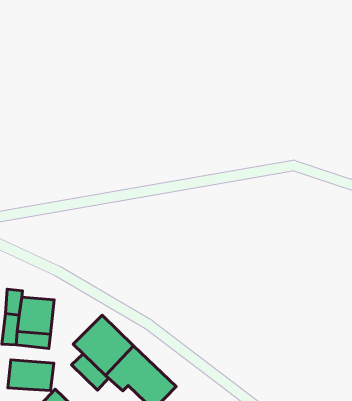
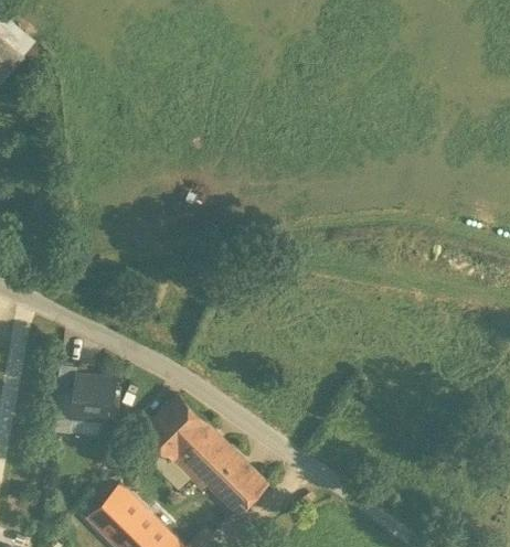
building: [8,360,54,390] -> none

